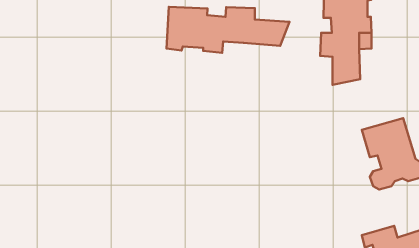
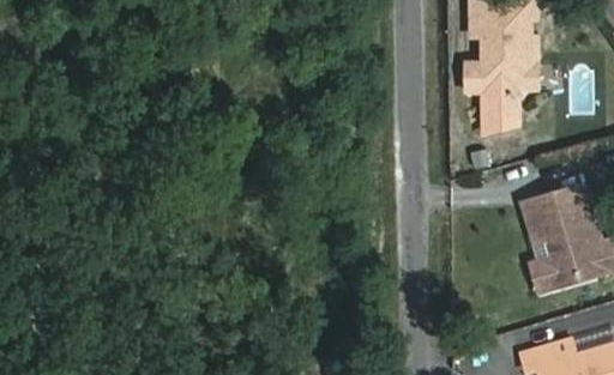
building: [166,7,289,53] -> none

